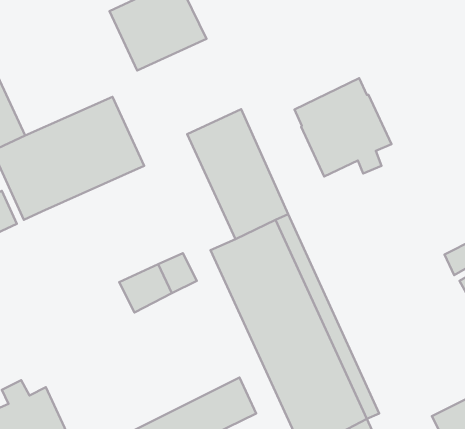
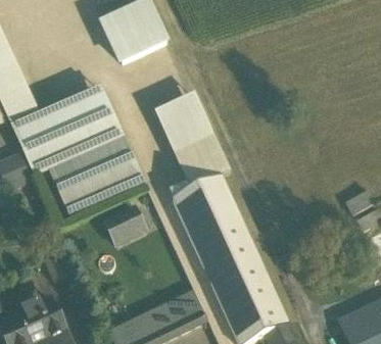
building: [294,78,391,176] -> none
building: none -> [47,134,144,214]

